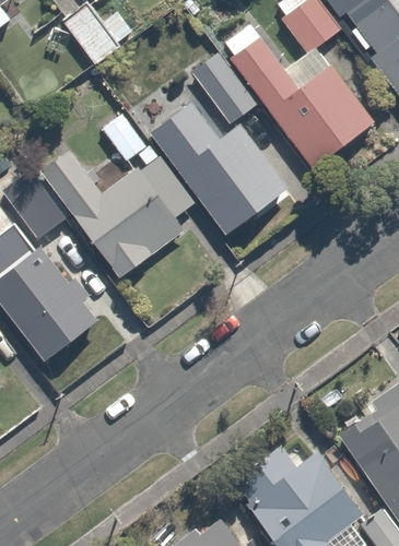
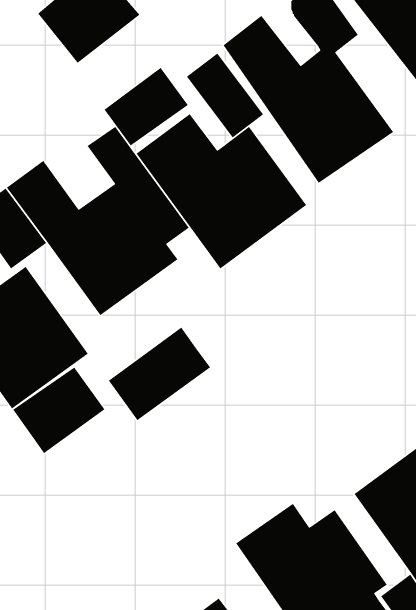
building: none -> [103,67,189,146]
building: none -> [108,327,211,421]
building: none -> [12,367,105,454]

